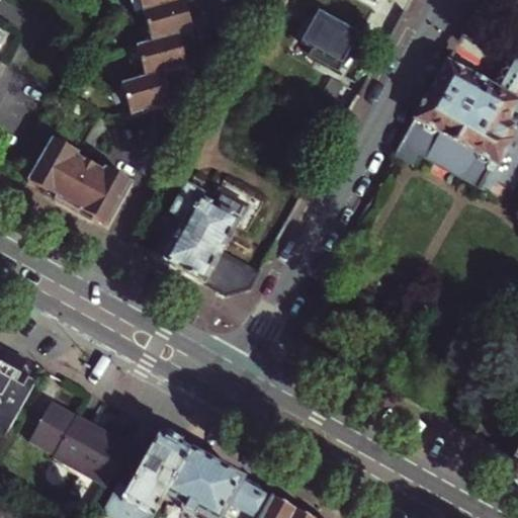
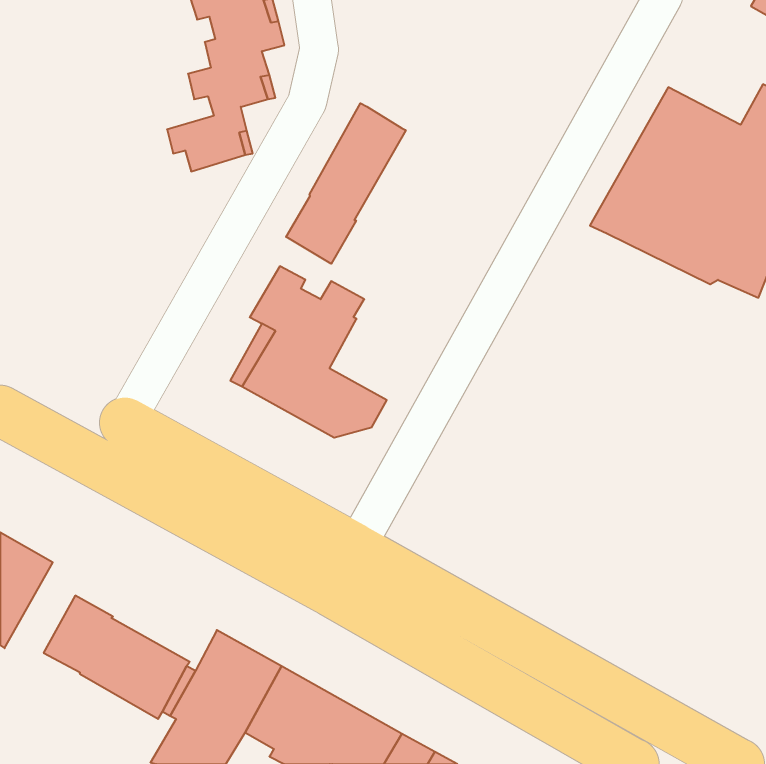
building: [294,6,363,67] -> none
building: none -> [286,103,406,264]
building: [27,137,134,225] -> none

